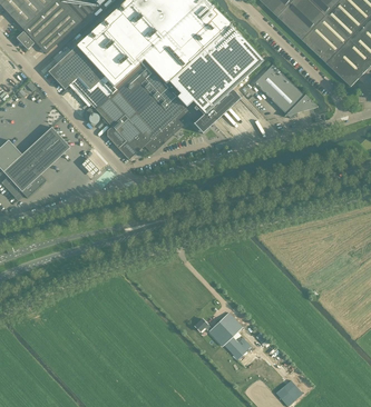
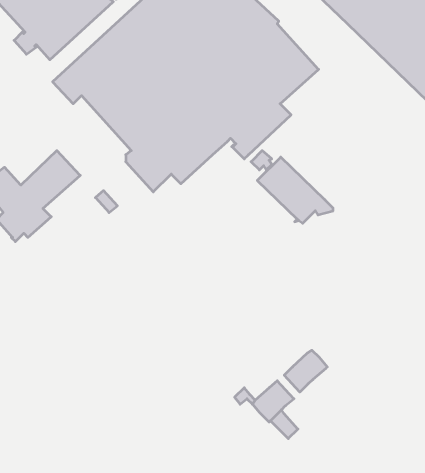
building: [253,63,314,117] -> [257,157,333,223]
building: none -> [284,350,327,392]

